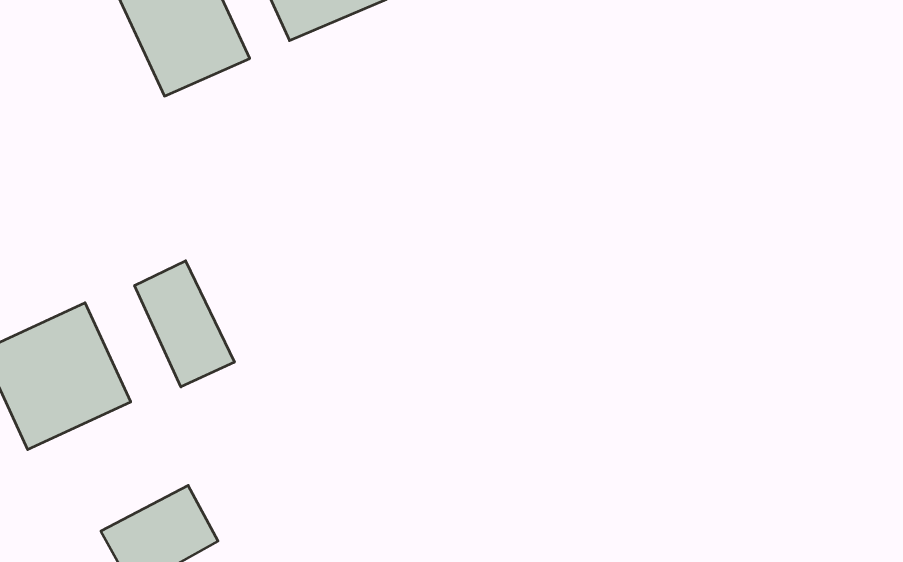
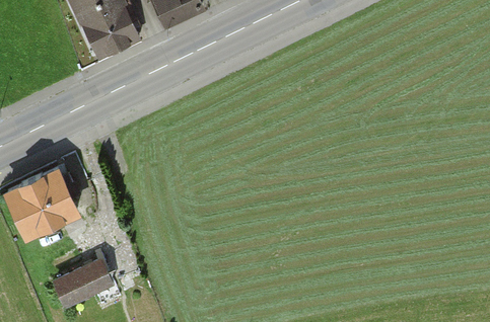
building: [135,261,234,387] -> none

